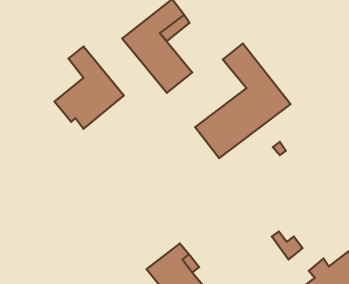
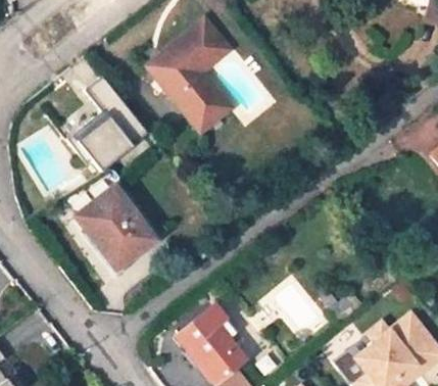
building: [195,44,290,158] -> none
building: none -> [76,188,156,268]

